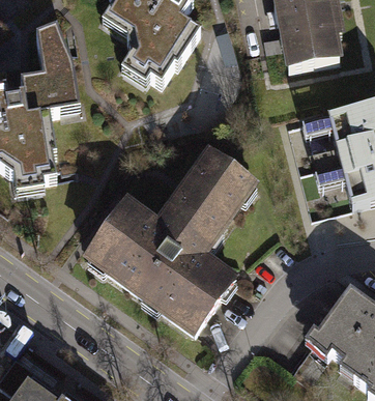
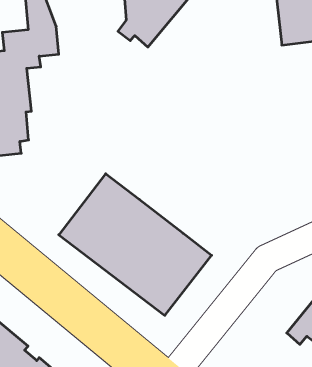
building: [160,150,257,258] -> none

